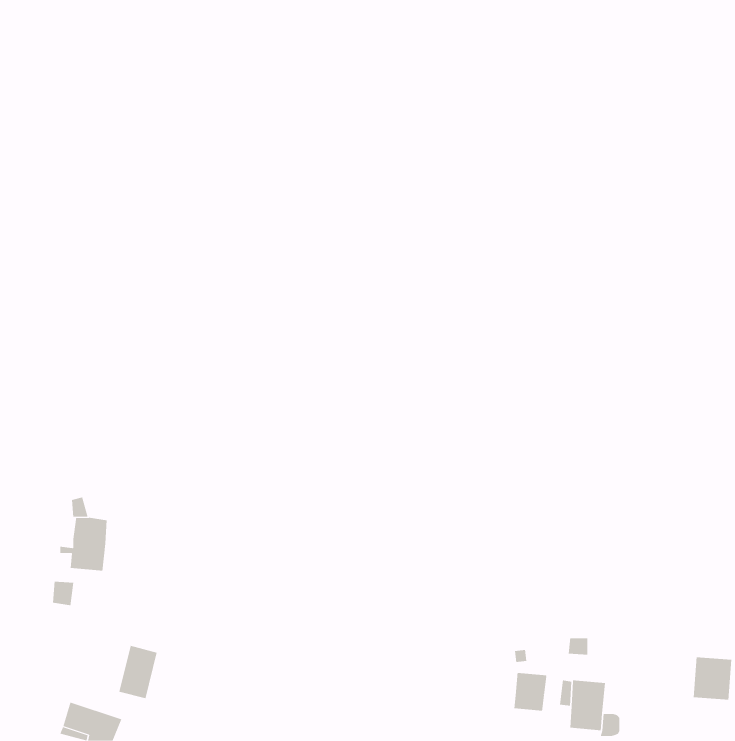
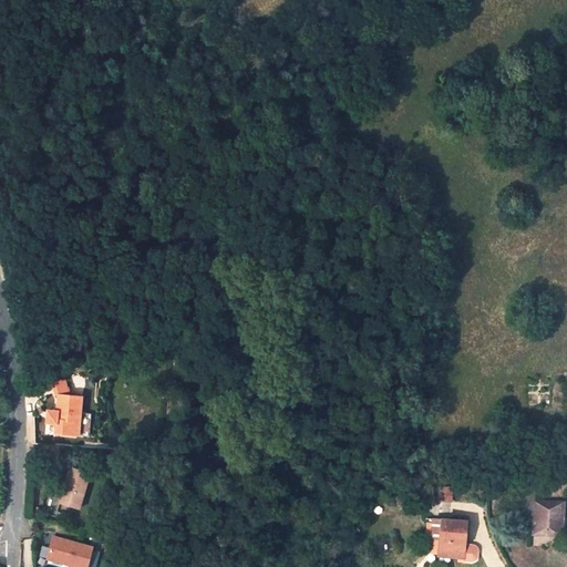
building: [118,645,158,699] -> [61,467,91,508]
building: [514,672,547,711] -> none

